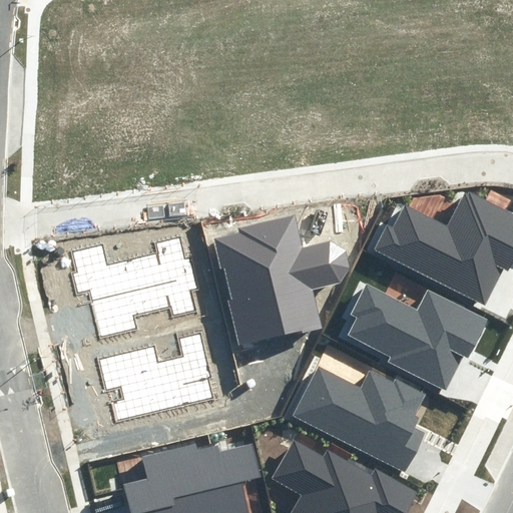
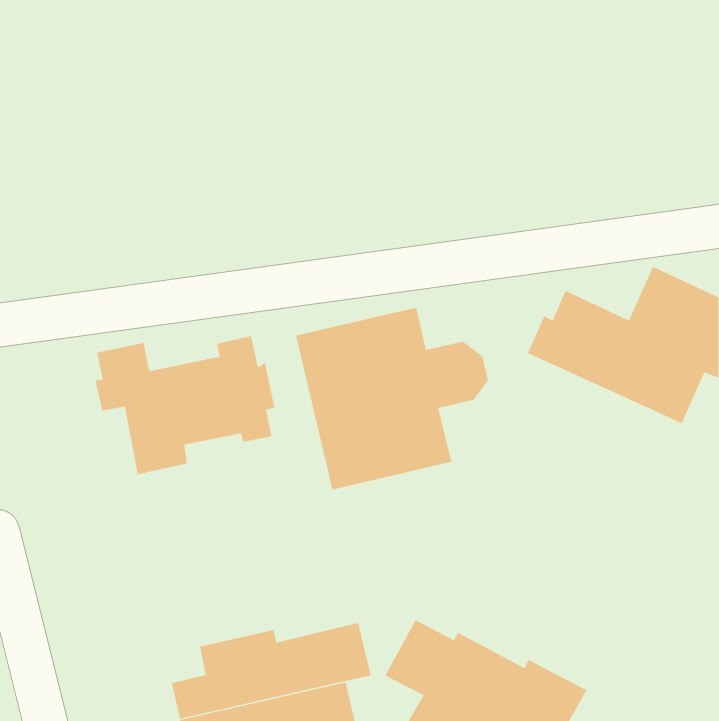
building: [348,283,491,391] -> none
building: [95,333,217,423] -> none
building: [295,363,428,471] -> none

